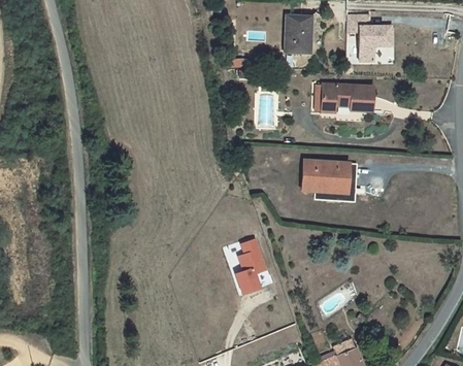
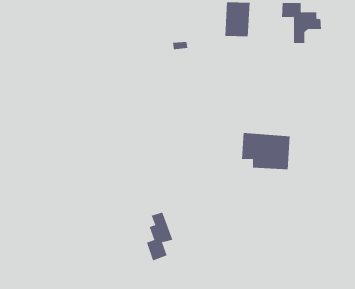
building: [322,85,373,111] -> none
building: [235,238,265,293] -> [146,212,173,261]

